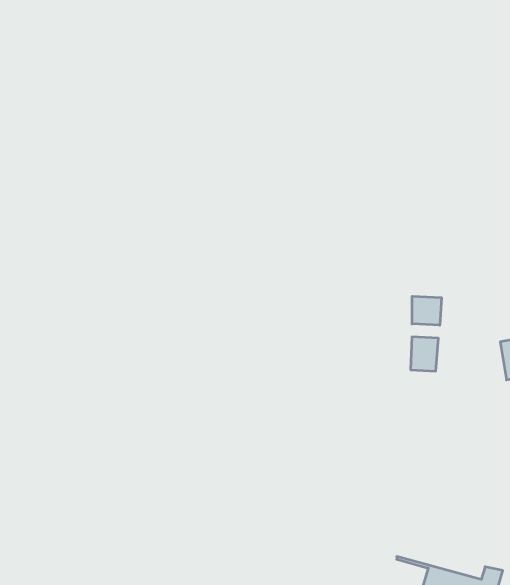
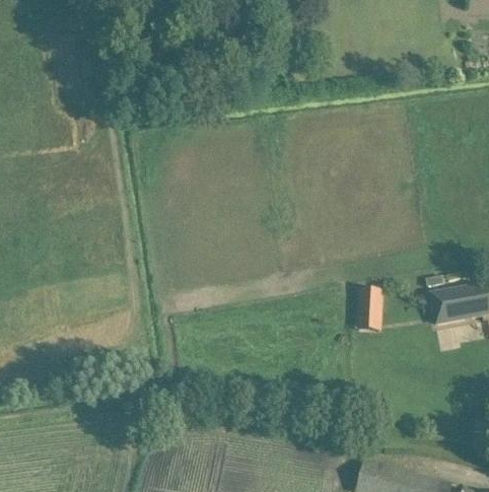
building: [412,296,441,325] -> none

